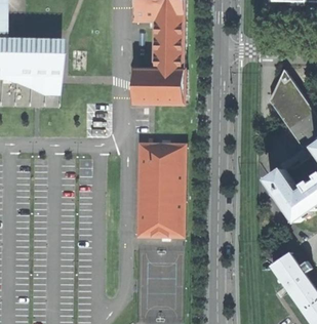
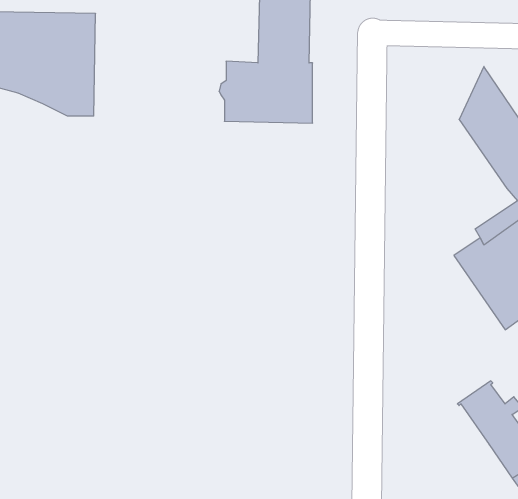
building: [136,144,184,236] -> none

